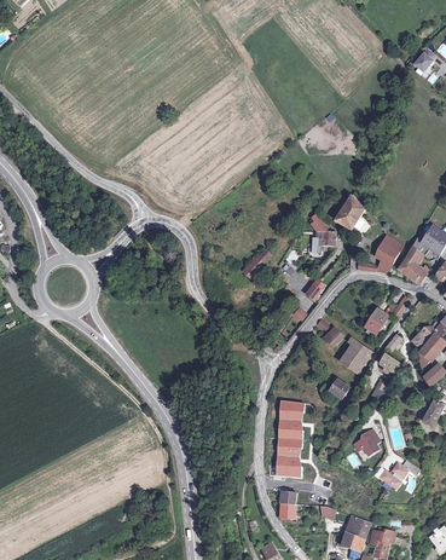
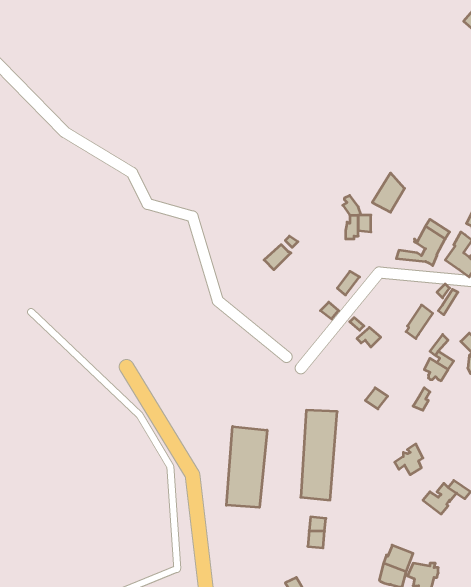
building: [341,336,373,371] -> none
building: none -> [226,426,267,507]

